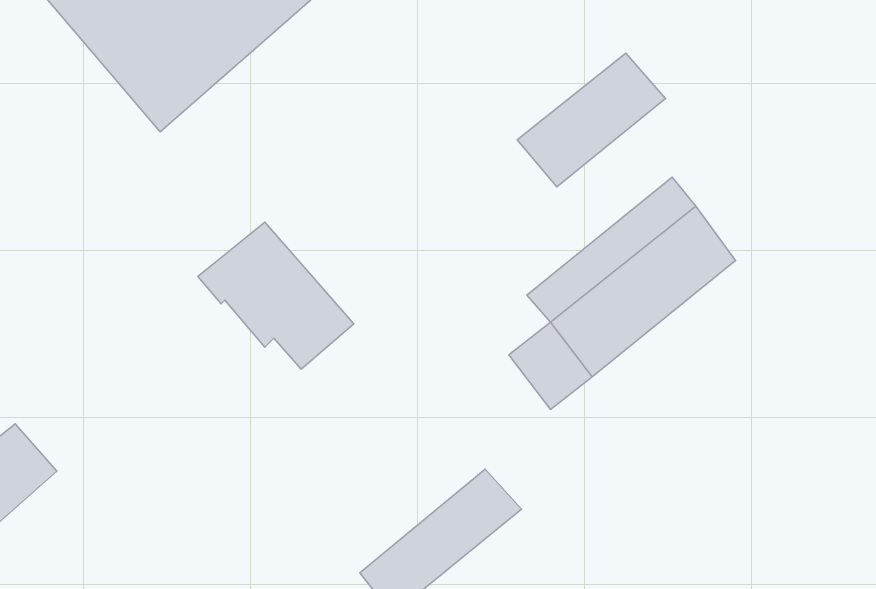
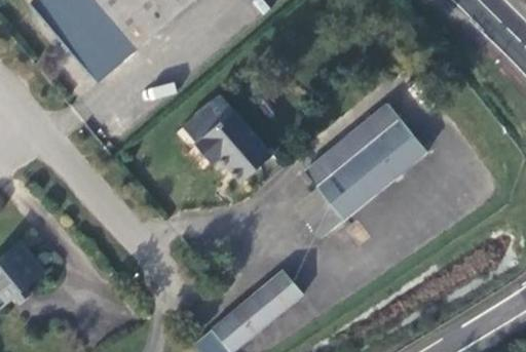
building: [517,53,666,187] -> none
building: [198,222,354,369] -> [183,95,271,179]

